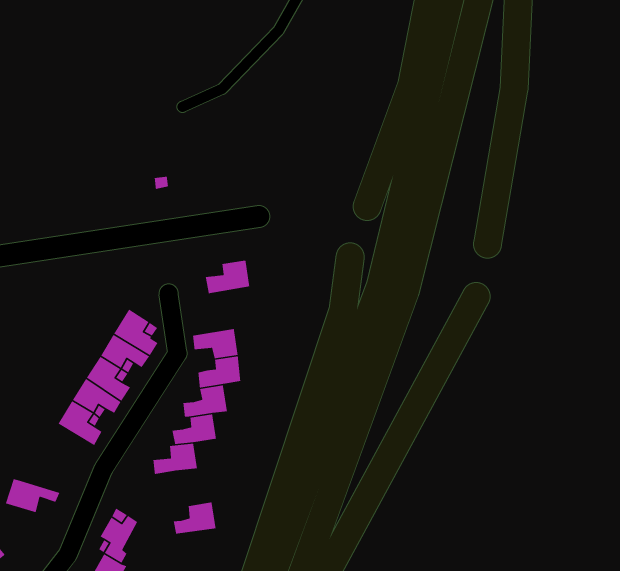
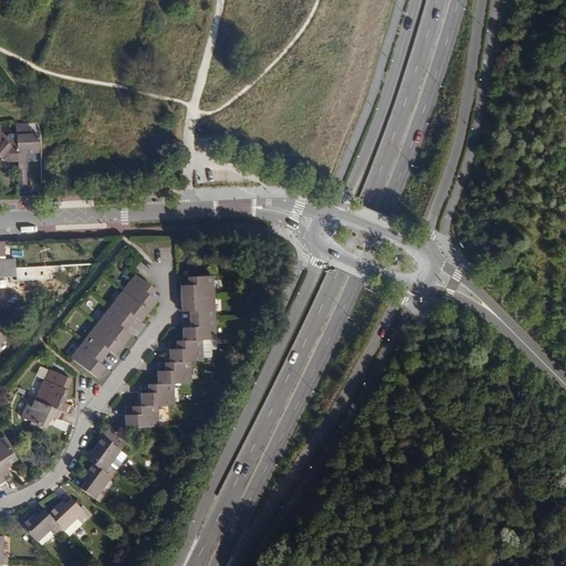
building: [205,260,250,294] -> [181,272,217,296]
building: none -> [33,378,72,413]
building: [173,502,216,534] -> [125,403,159,427]

